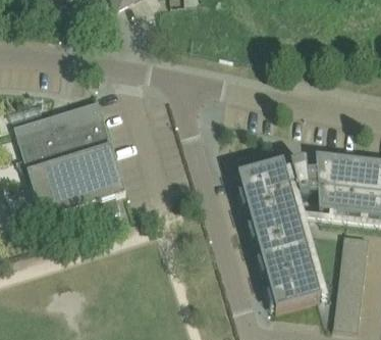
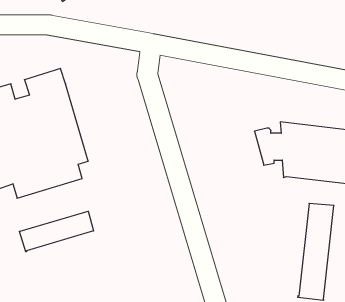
building: [238,162,322,311] -> none
building: none -> [19,211,94,252]

